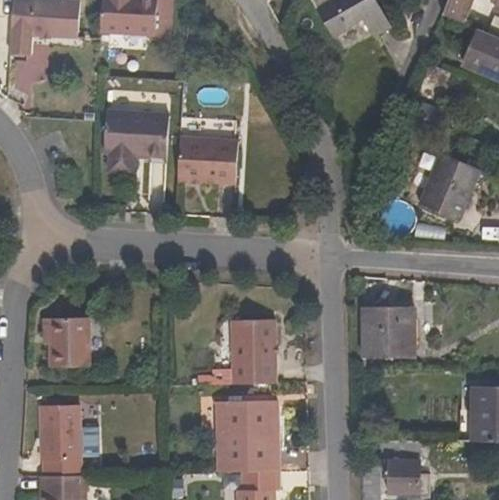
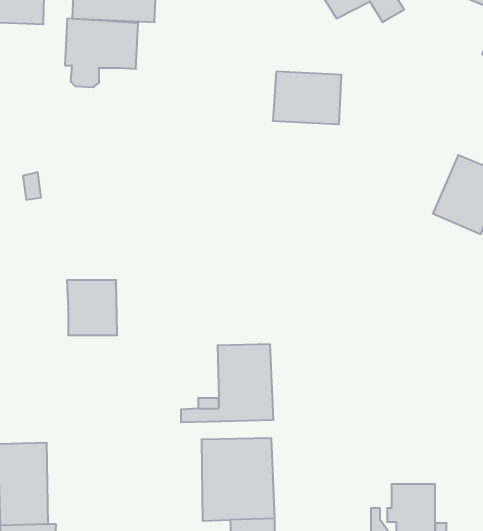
building: [104,112,168,172] -> [65,18,138,87]
building: [178,137,238,183] -> [273,72,342,124]
building: [363,306,416,356] -> none
building: [47,318,91,366] -> [67,280,117,335]

